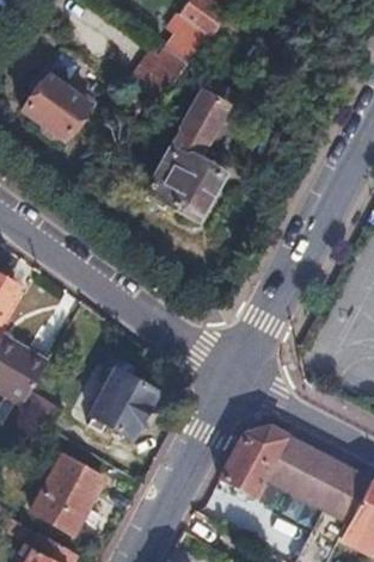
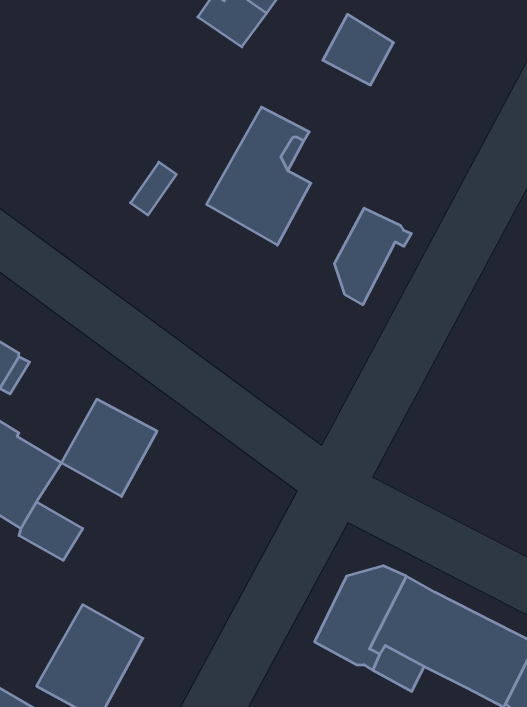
building: [18,72,86,140] -> none
building: [182,91,229,138] -> [323,14,394,85]
building: none -> [334,208,411,305]
building: [88,372,153,438] -> [61,399,157,497]

